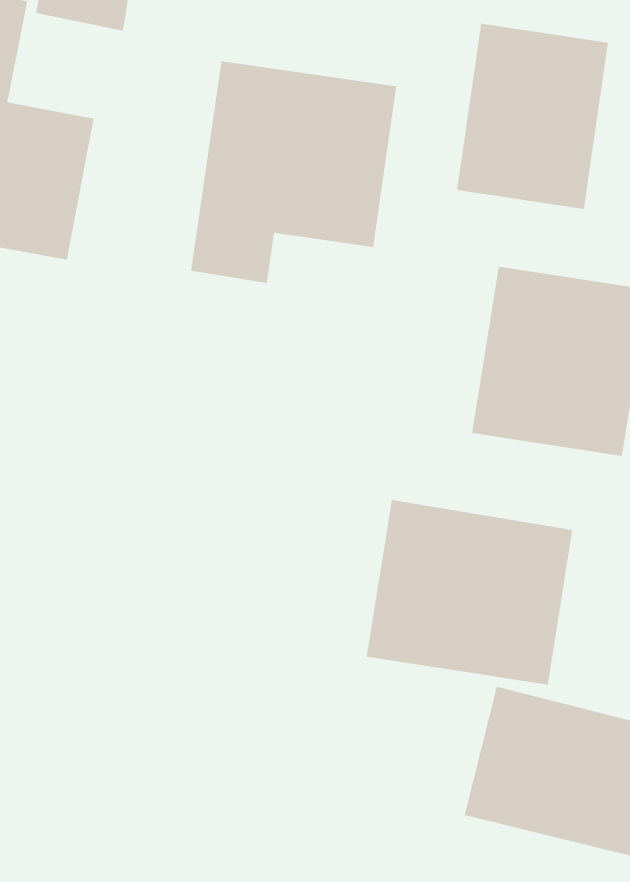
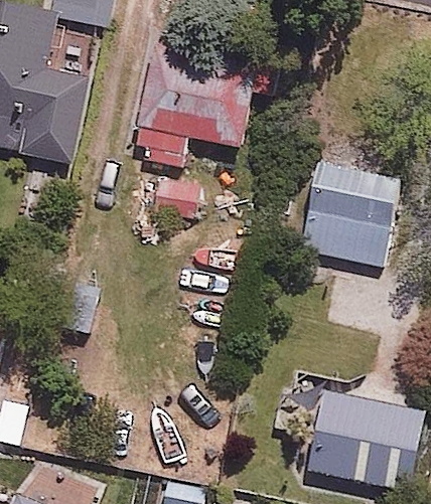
building: [456,23,609,210] -> none
building: [366,499,573,686] -> none

